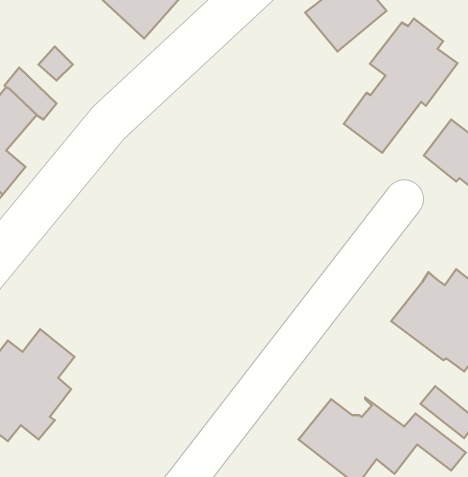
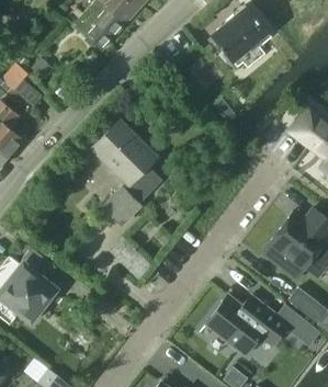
building: [344,19,457,153] -> none
building: none -> [93,122,159,224]

